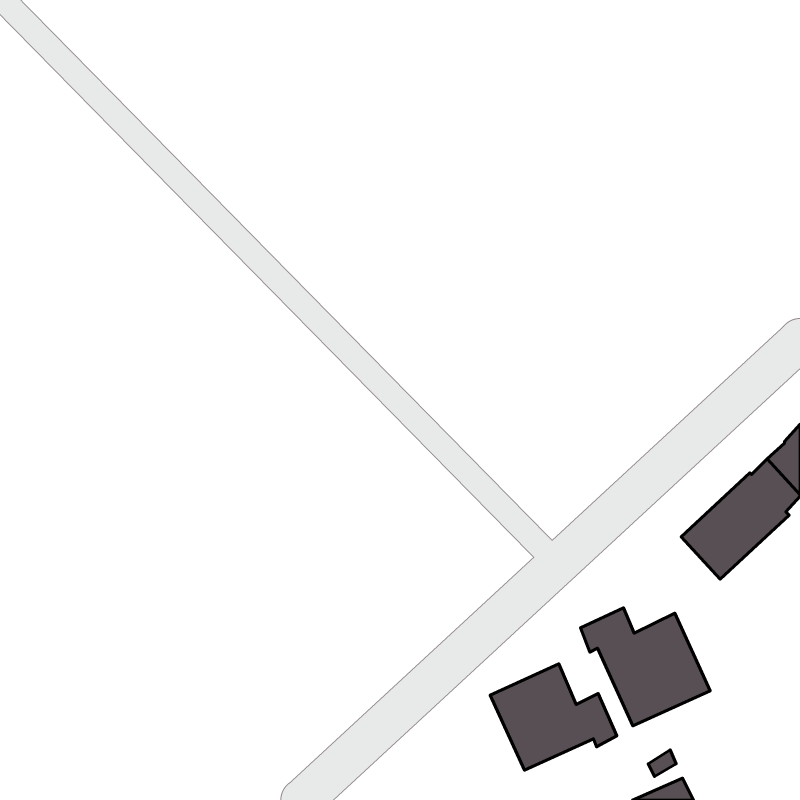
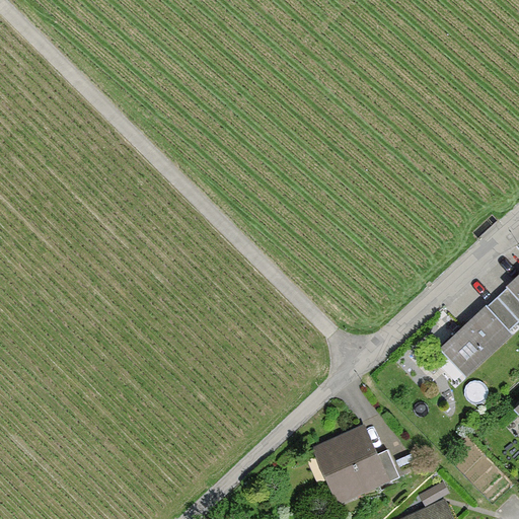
building: [581,608,710,726] -> none

